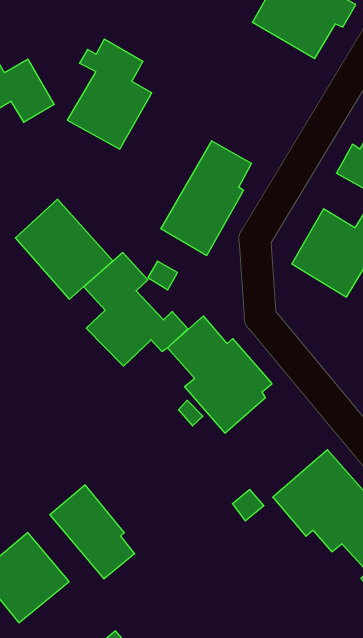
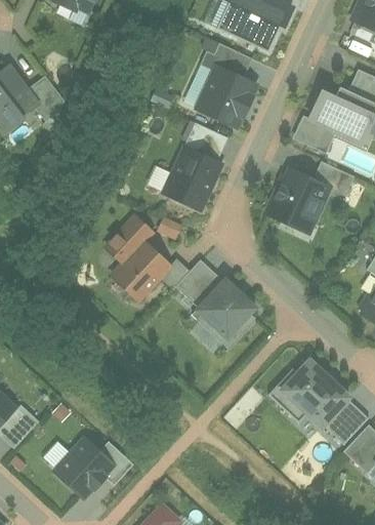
building: [67,39,152,149] -> [196,42,259,126]
building: [15,199,113,299] -> none
building: [50,485,135,579] -> none

